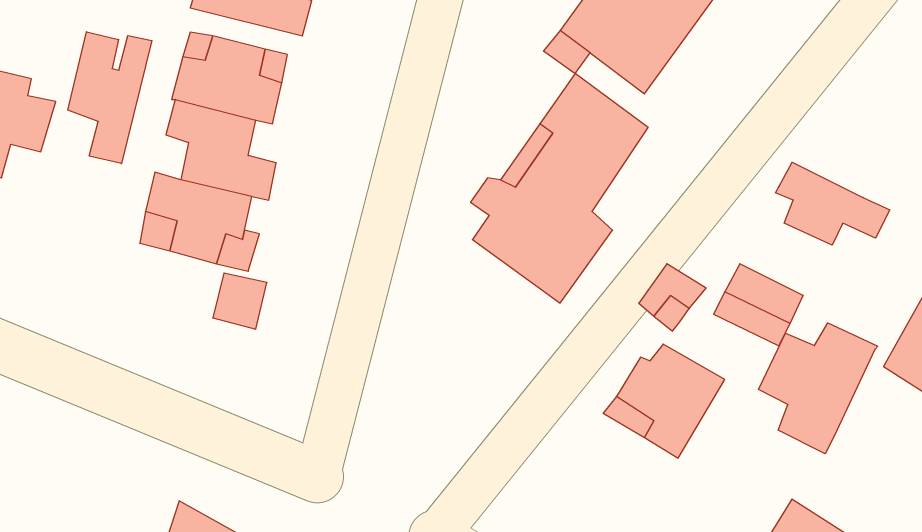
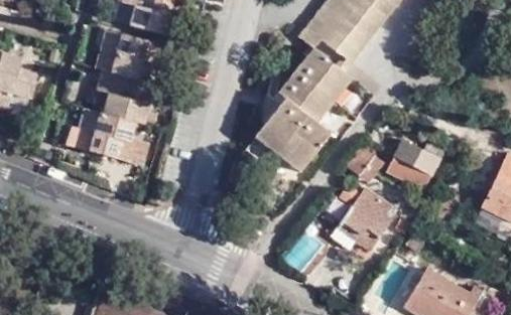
building: [68,32,152,164] -> none
building: [776,162,890,245] -> none
building: [759,323,878,454] -> none

